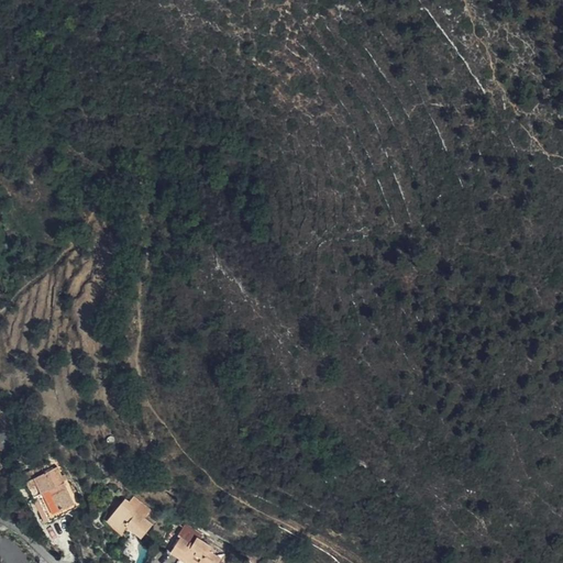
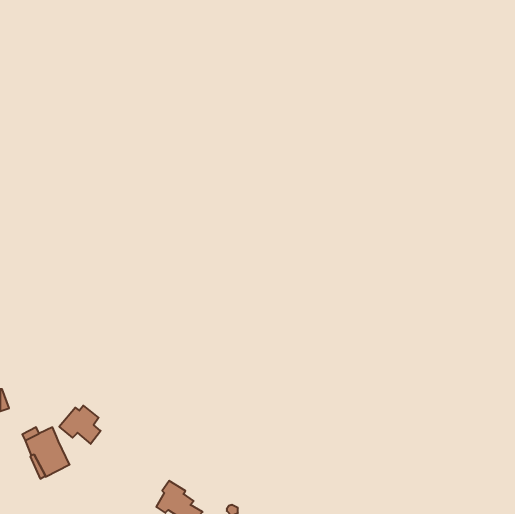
building: [108,497,153,539] -> [59,406,101,444]

